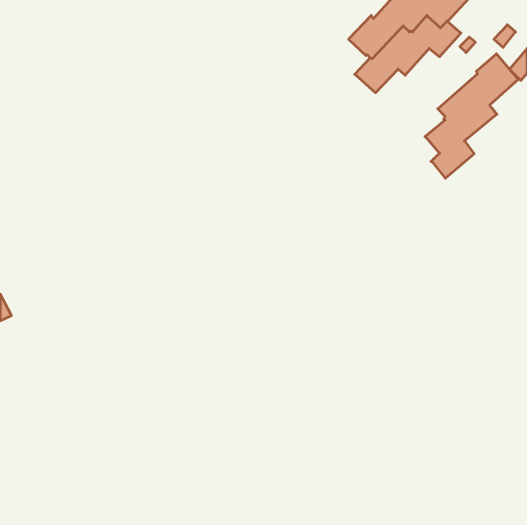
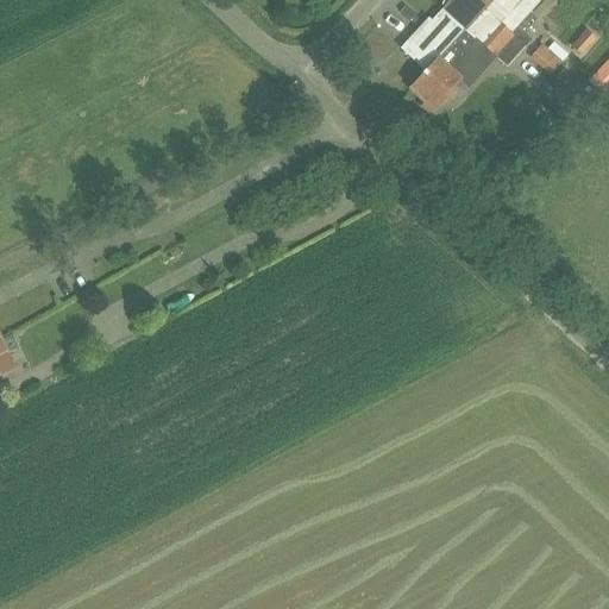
building: [425,54,518,178] -> none

